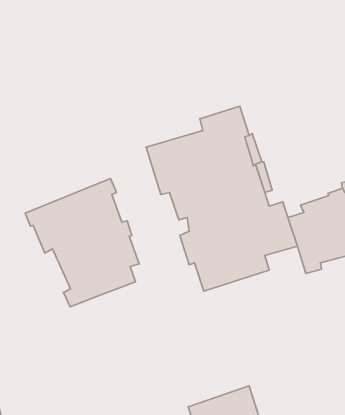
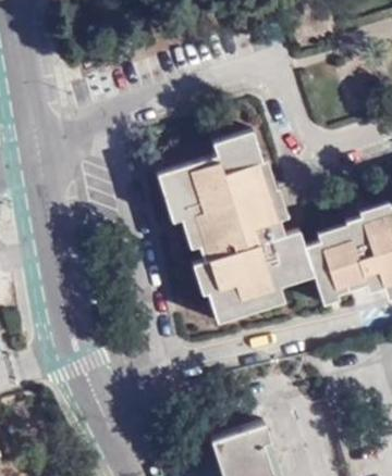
building: [25,179,139,307] -> none

